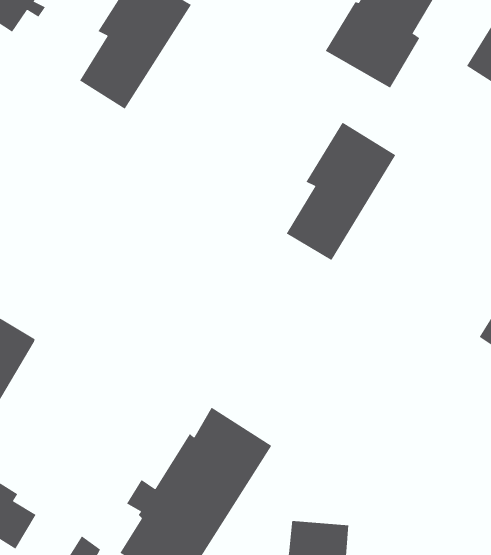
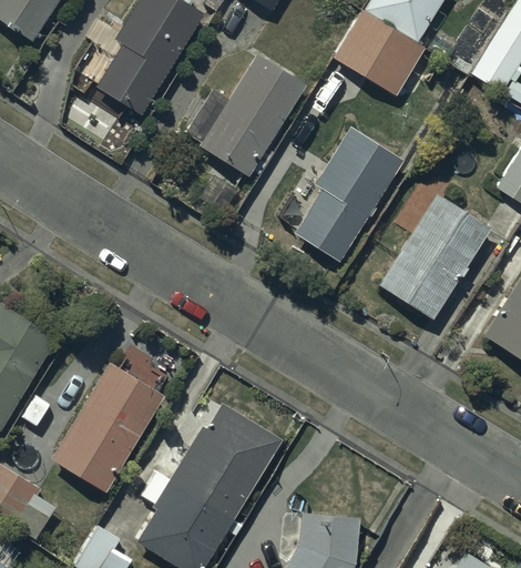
building: none -> [185,53,307,174]
building: none -> [377,194,489,318]
building: none -> [52,362,166,491]

